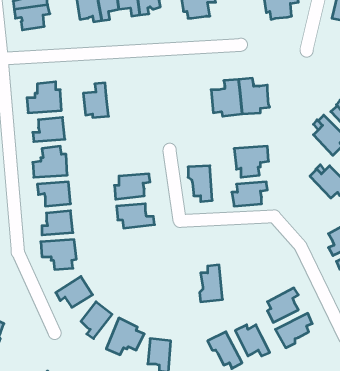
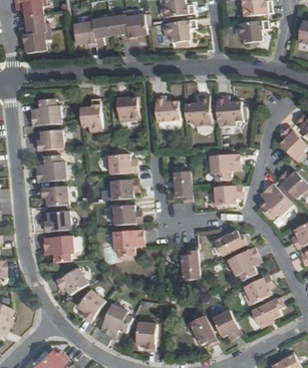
building: none -> [115,95,137,119]
building: none -> [155,95,181,127]
building: none -> [103,153,135,173]
building: none -> [260,182,292,219]
building: none -> [112,229,142,256]
building: none -> [209,232,245,257]
building: none -> [224,249,256,282]

